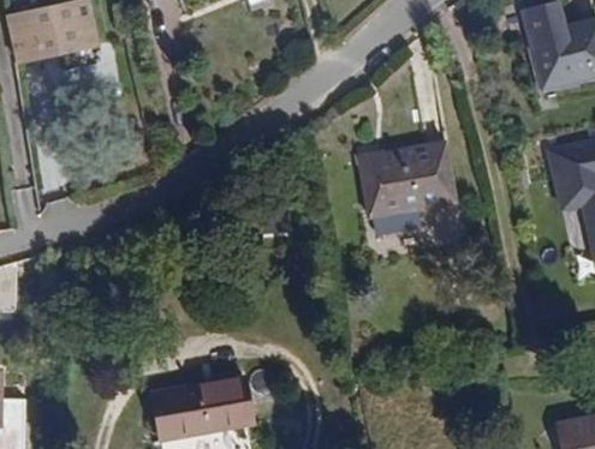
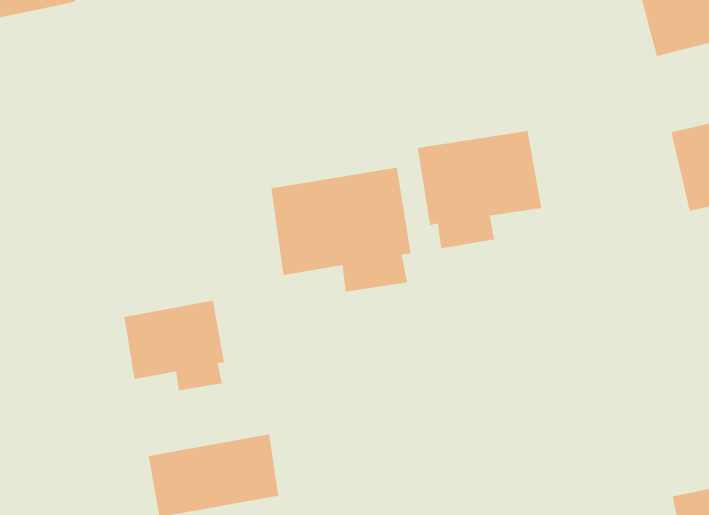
building: none -> [271,167,411,292]
building: none -> [124,300,225,391]

